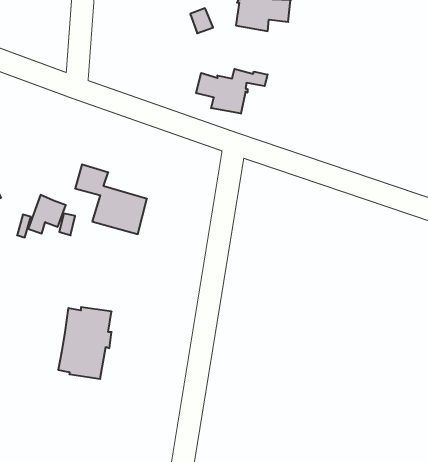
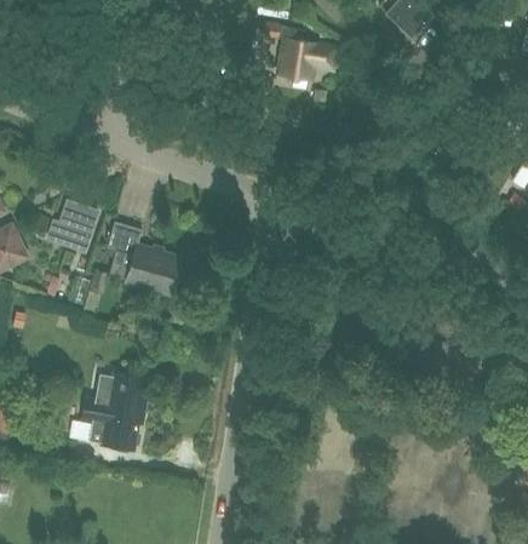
building: [196,69,268,114] -> none
building: [28,195,66,234] -> [54,202,94,244]

